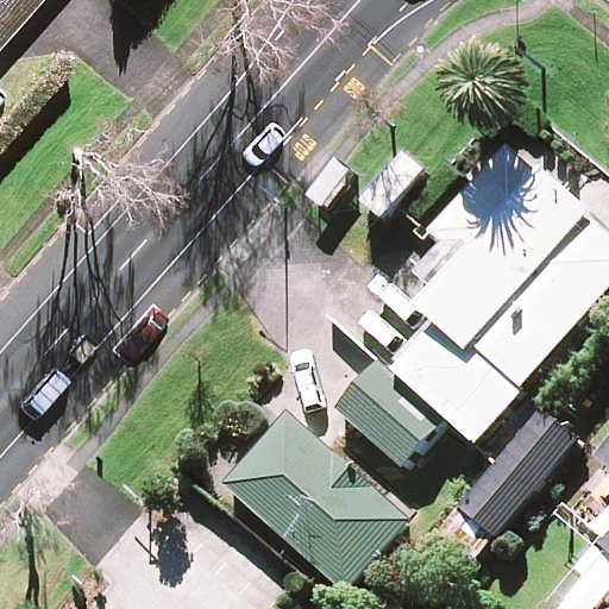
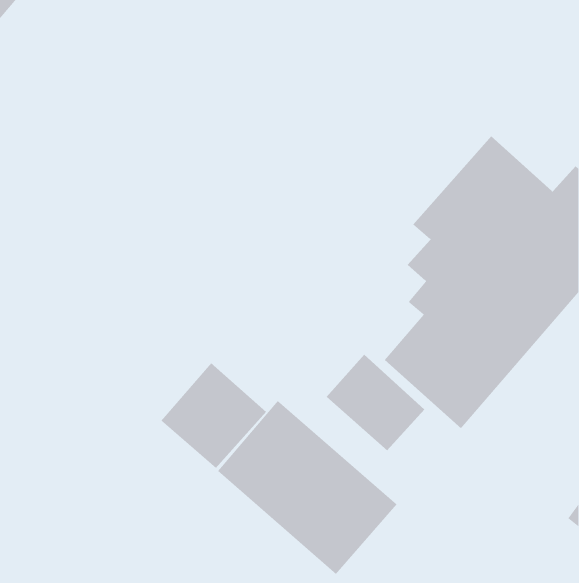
building: none -> [160,363,267,469]
building: [439,407,572,554] -> none

